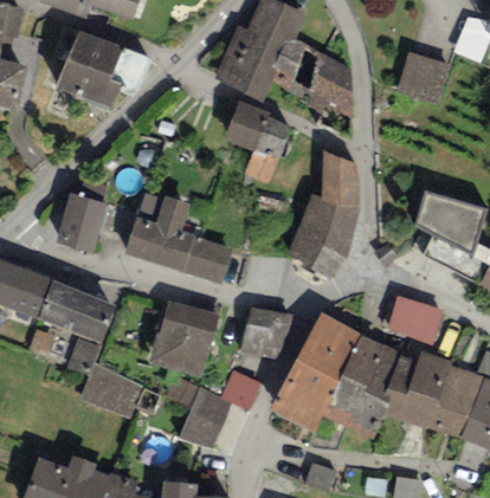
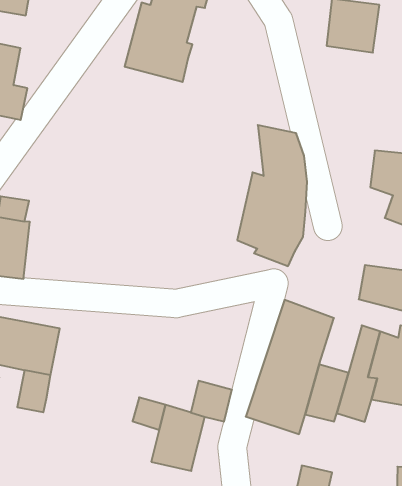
building: [271,37,353,117] -> none
building: [224,101,291,182] -> none
building: [125,194,231,284] -> none
building: [148,300,218,376] -> none
building: [238,306,294,361] -> none
building: [342,335,386,386] -> none
building: [79,363,142,419] -> none

